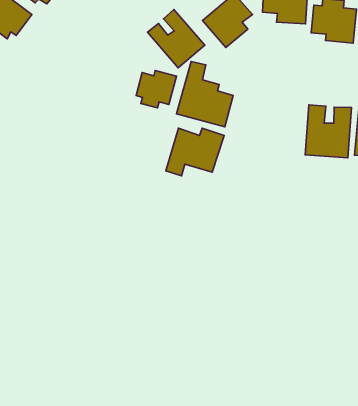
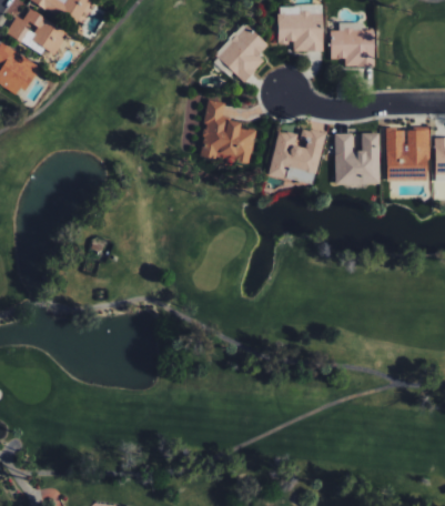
building: [147,9,205,68] -> none
building: [136,70,177,108] -> none
building: [166,128,224,176] -> [269,128,325,179]

